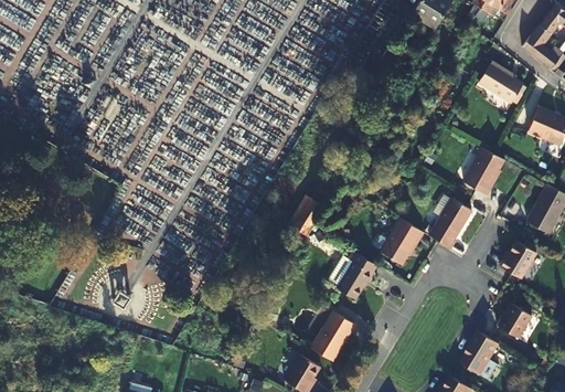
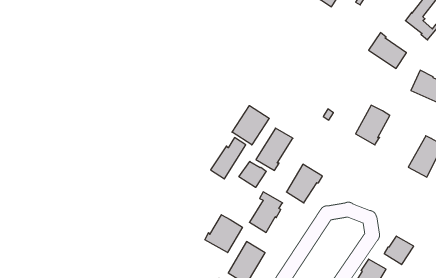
building: none -> [232,106,269,145]
building: [428,199,472,250] -> [256,128,293,170]
building: none -> [239,161,266,187]
building: [500,242,537,279] -> none
building: none -> [205,215,242,253]

